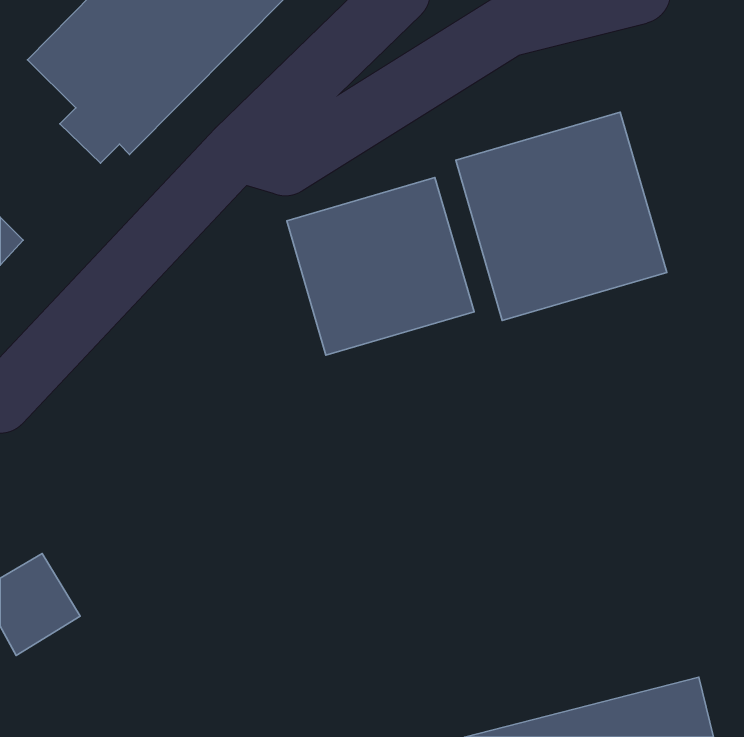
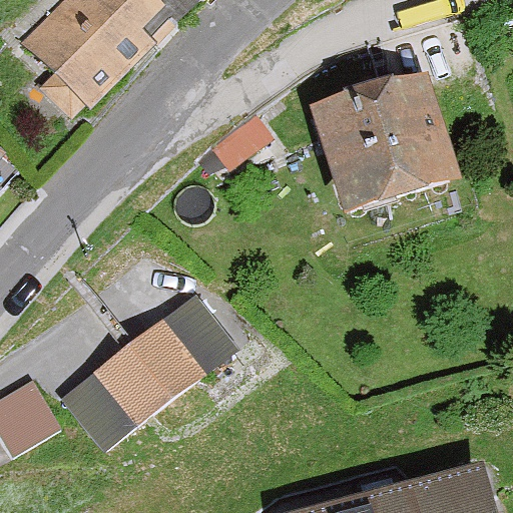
building: [287,177,474,355] -> none
building: none -> [63,295,237,450]

